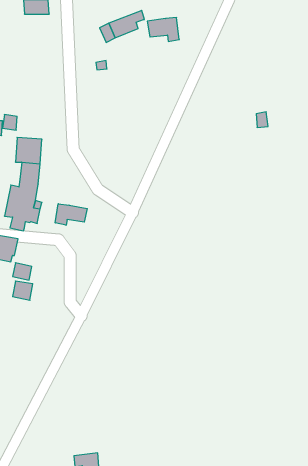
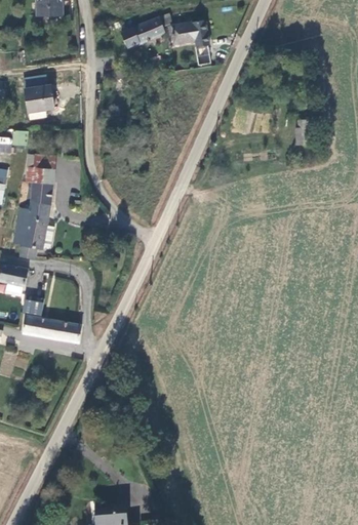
building: none -> [23,84,54,114]
building: [55,204,87,225] -> none
building: none -> [41,319,82,344]

